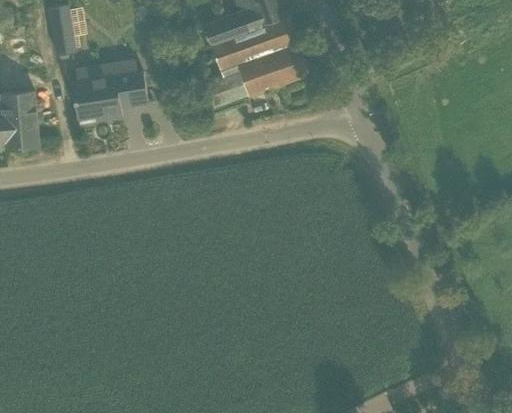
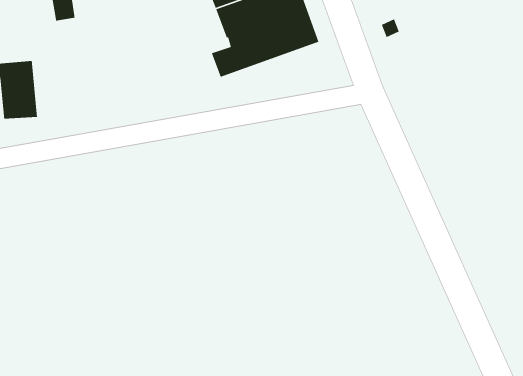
building: [69,60,146,119] -> none

